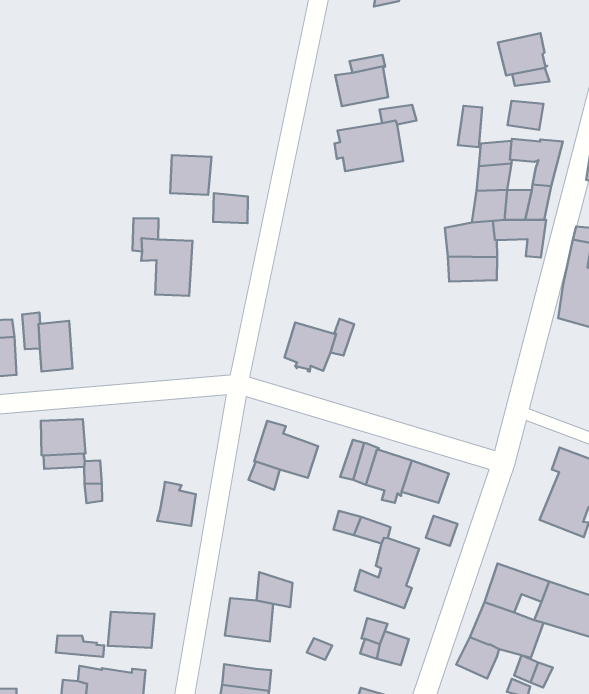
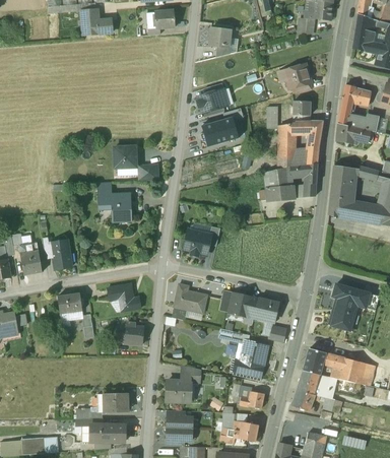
building: none -> [108,284,141,312]

